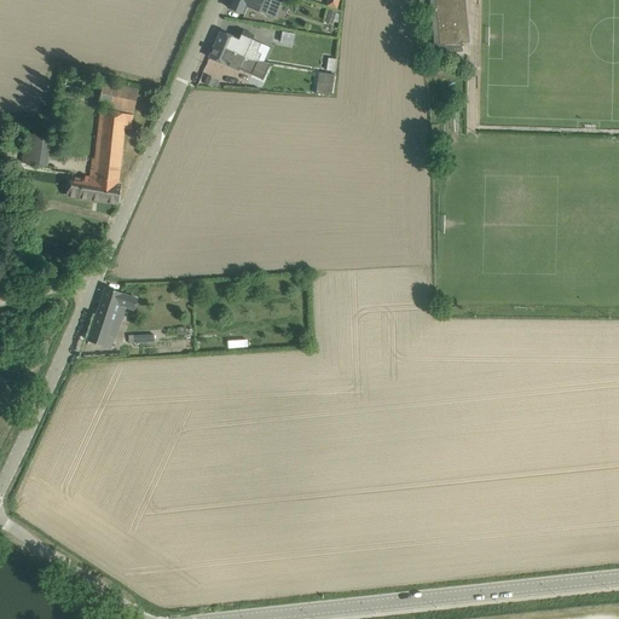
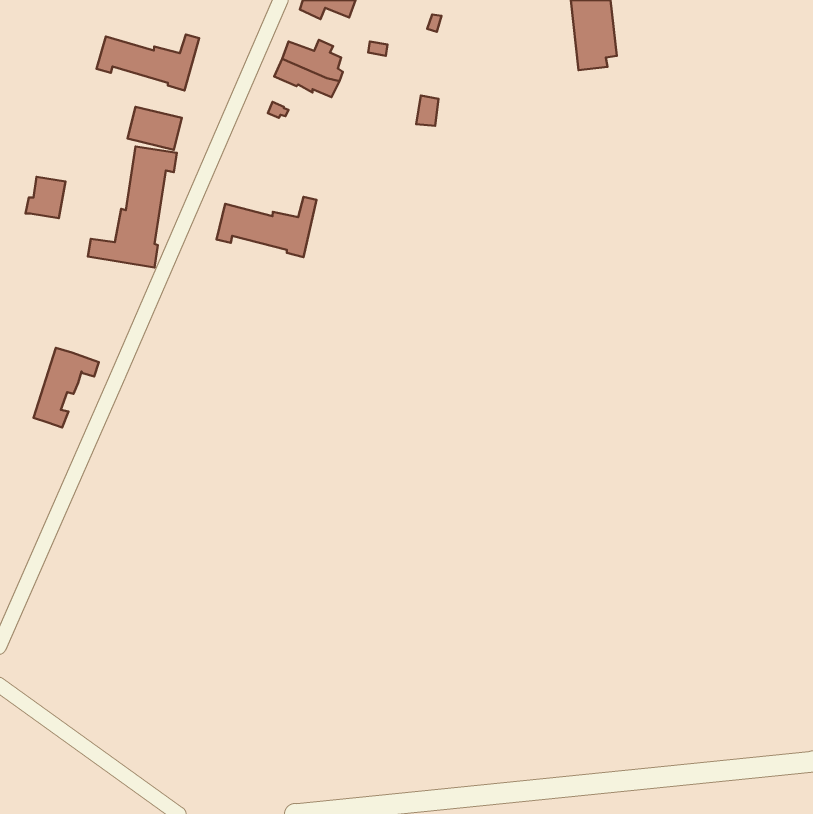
building: none -> [96,35,199,91]
building: none -> [217,197,317,257]
building: [87,288,137,348] -> [34,348,99,427]

